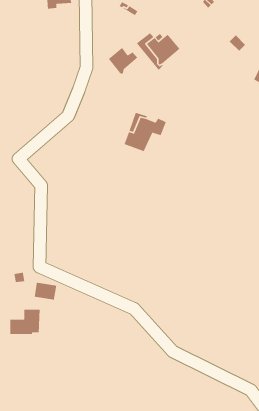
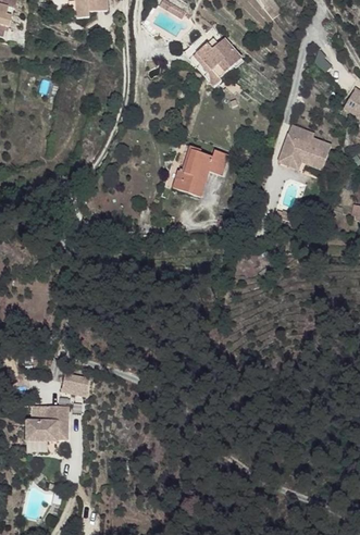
building: [108,47,138,75] -> none
building: none -> [280,125,332,170]

